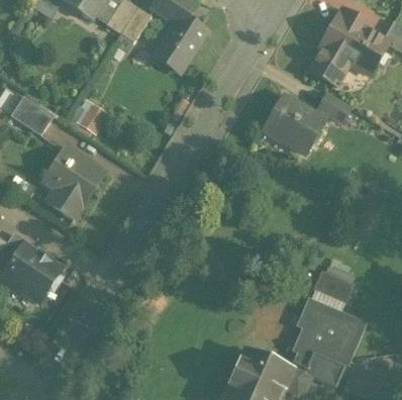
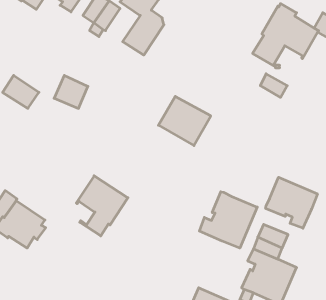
building: [263,94,325,153] -> [158,96,211,146]
building: [43,145,105,217] -> [76,176,128,236]
building: none -> [266,177,317,228]
building: none -> [199,192,257,248]

